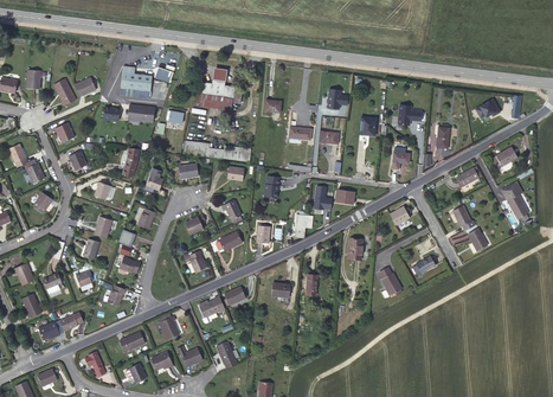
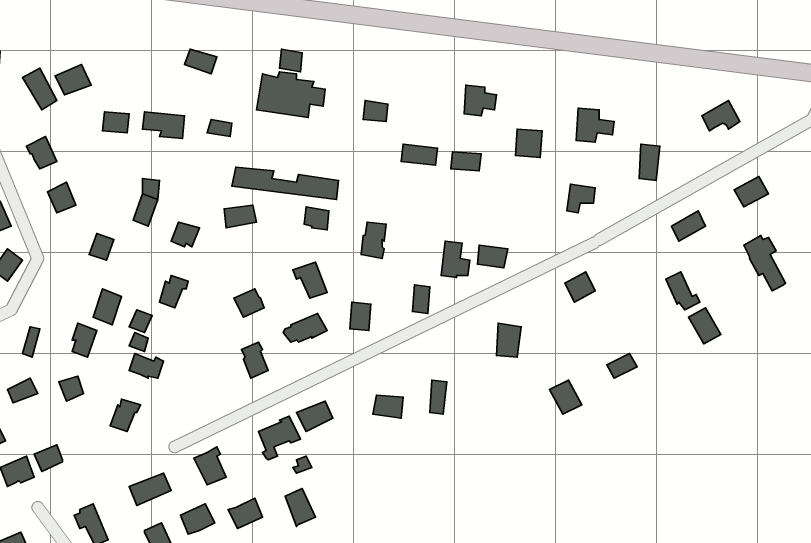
building: [121,68,152,92] -> none

